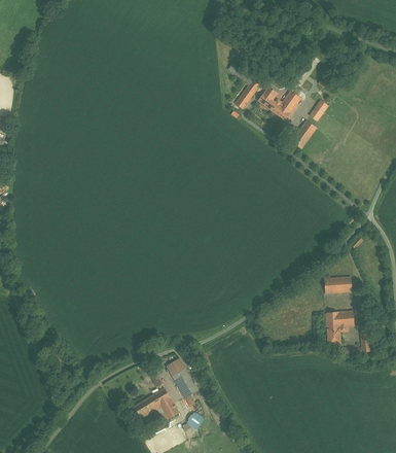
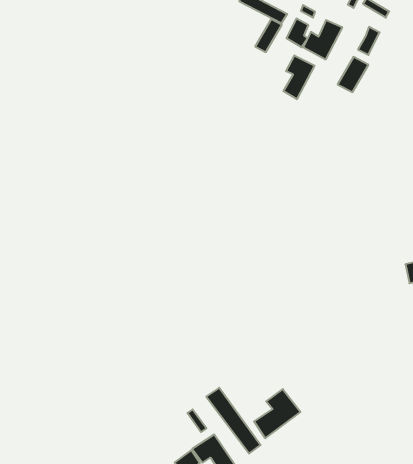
building: none -> [283,55,315,99]
building: none -> [254,389,300,438]

